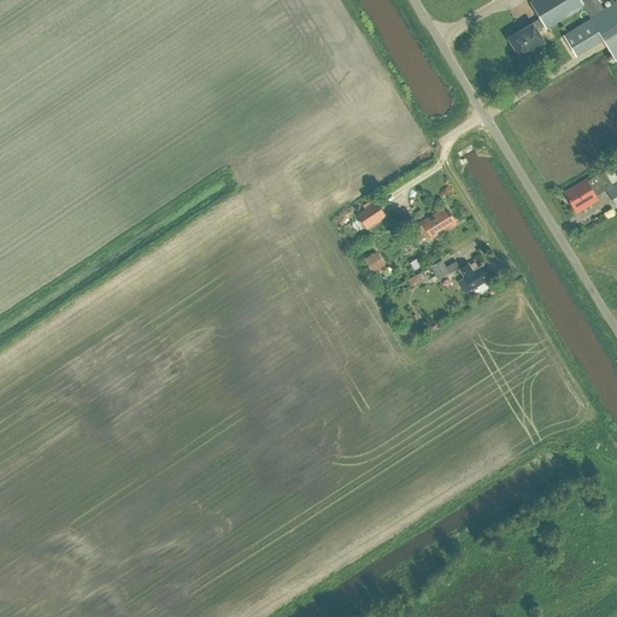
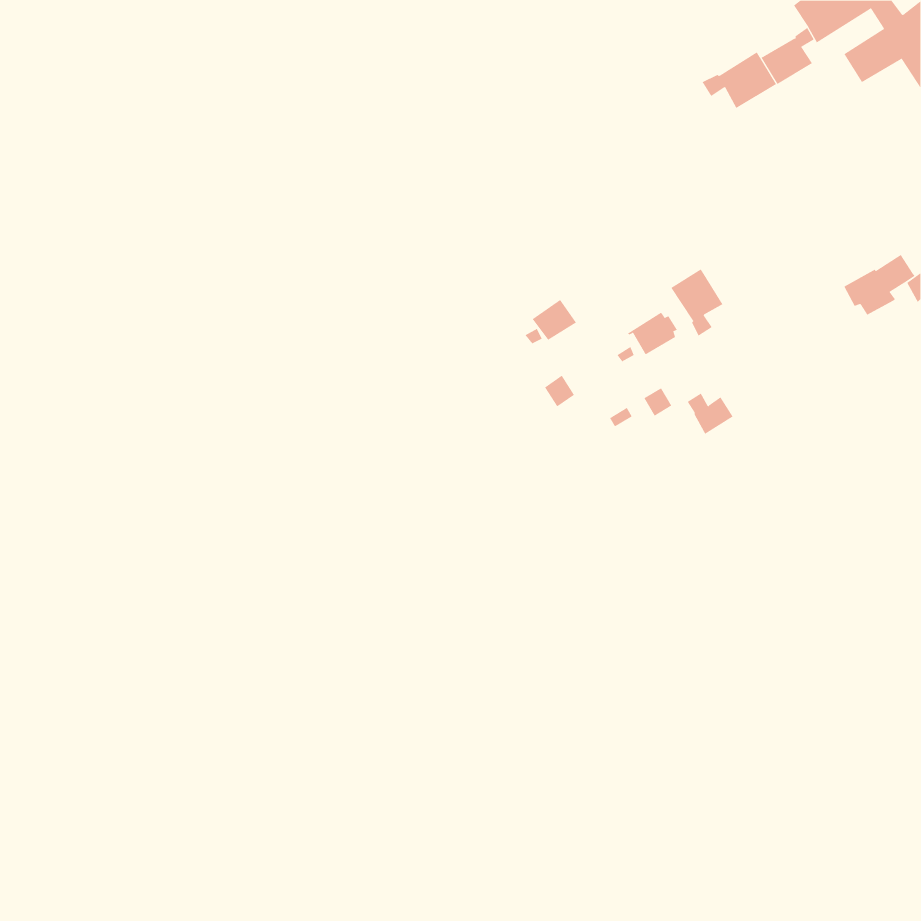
building: none -> [702,52,777,109]
building: none -> [671,269,723,337]

